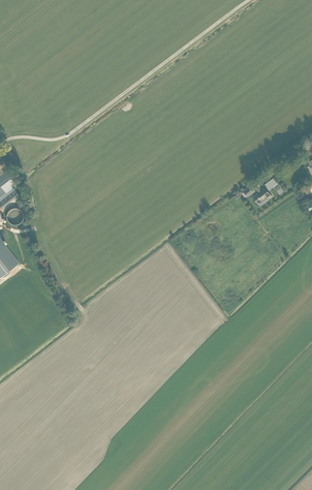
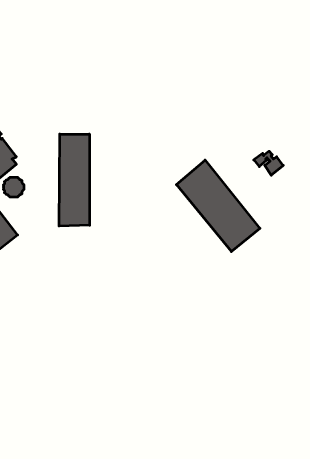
building: none -> [59,134,90,226]
building: none -> [176,160,260,252]

